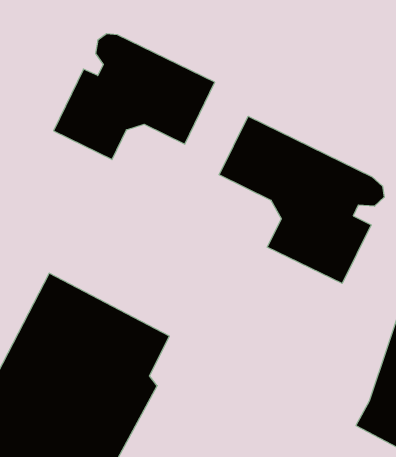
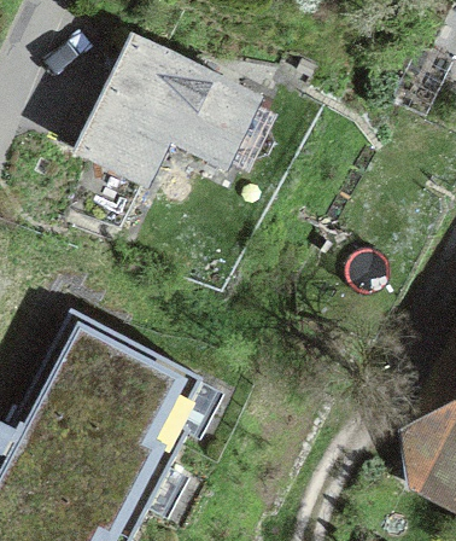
building: [219,116,384,283] -> none

